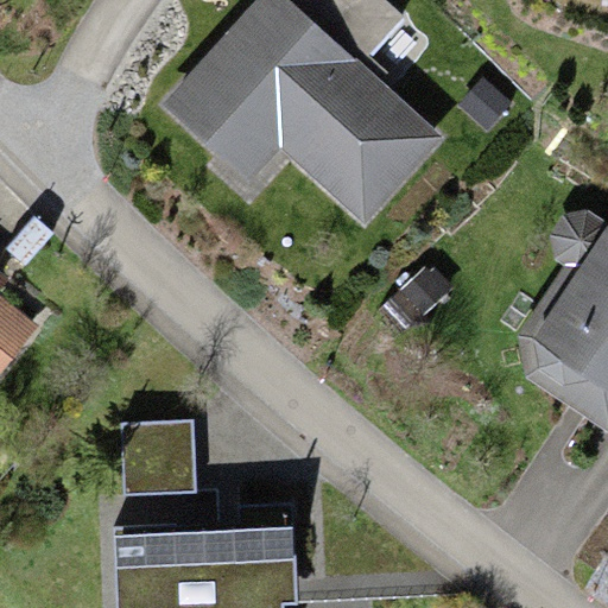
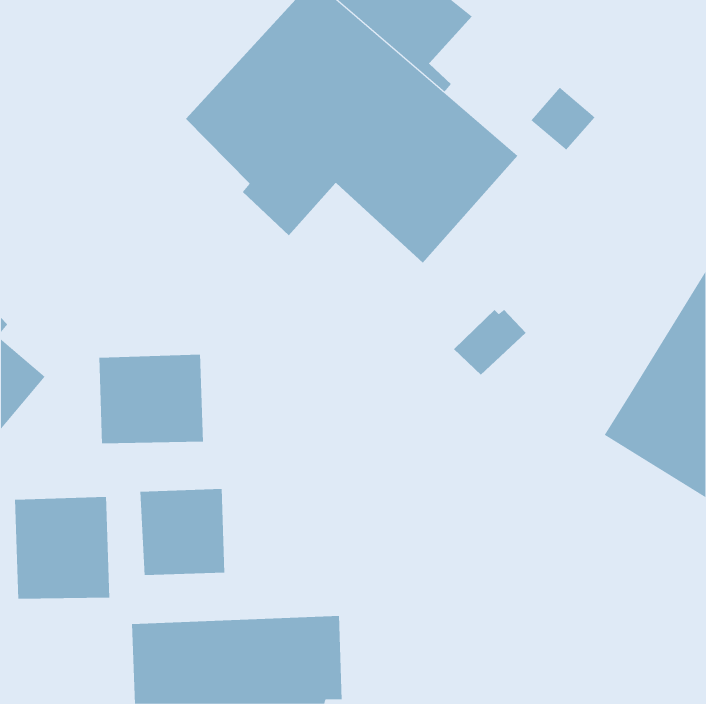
building: none -> [99,354,204,444]
building: none -> [15,496,110,600]

